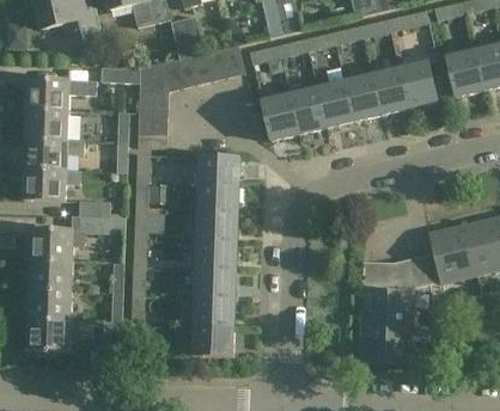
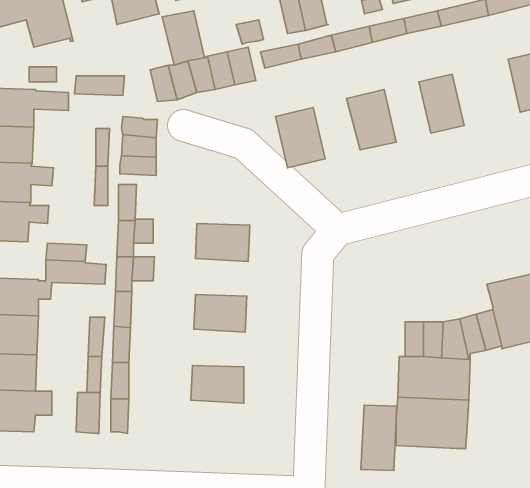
building: [400,61,434,108] -> none
building: [139,63,166,103] -> none
building: [346,73,383,121] -> none
building: [289,86,327,134] -> none
building: [197,157,239,186] -> none
building: [196,213,238,243] -> none
building: [194,269,236,299] -> none
building: [191,325,234,354] -> none
building: none -> [361,405,397,471]

